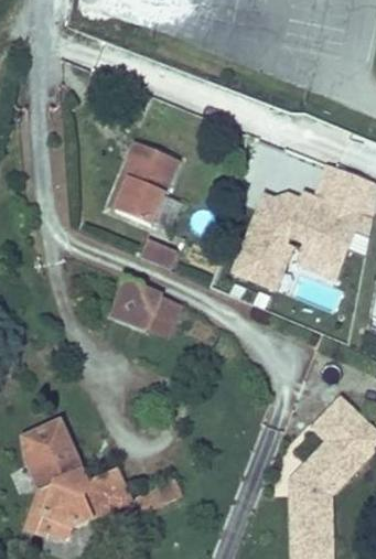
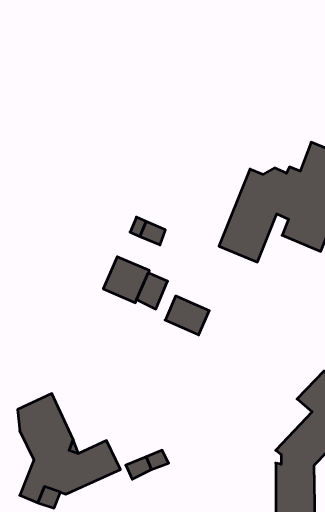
building: [115,141,179,225] -> none
building: none -> [165,296,209,335]

